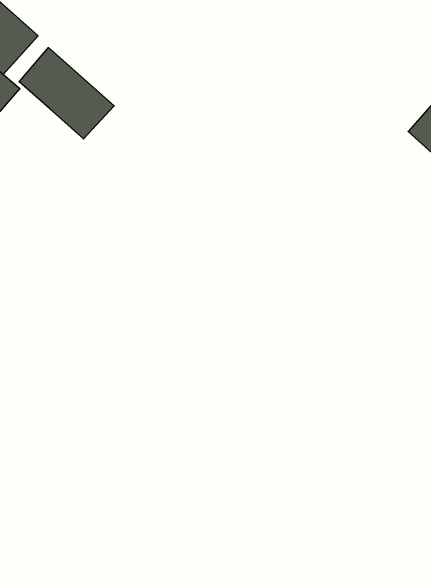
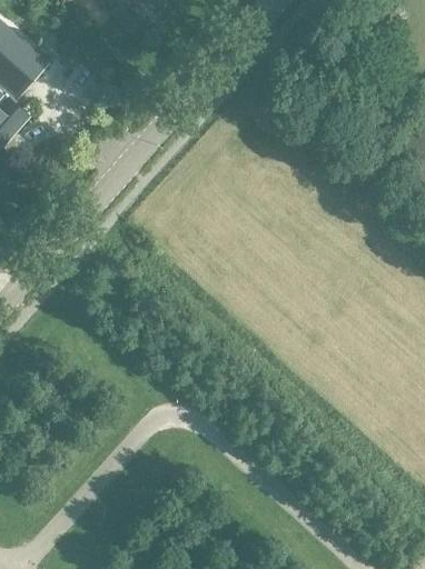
building: [19,48,114,139] -> none

